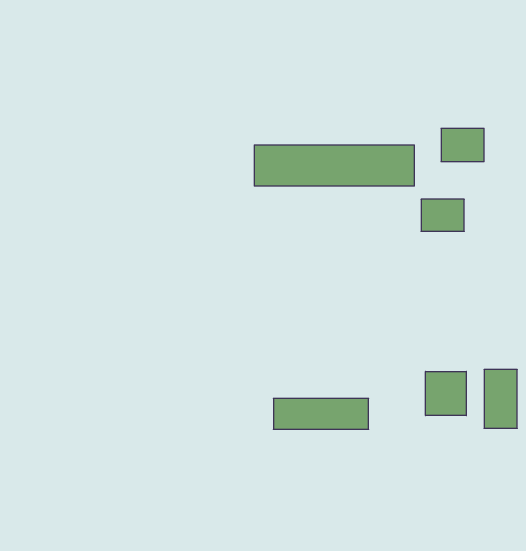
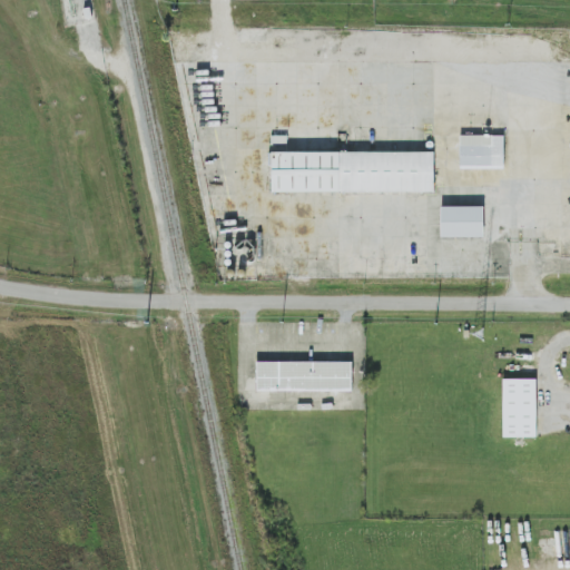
building: [426,371,466,416] -> none
building: [273,398,369,429] -> [255,360,351,391]

